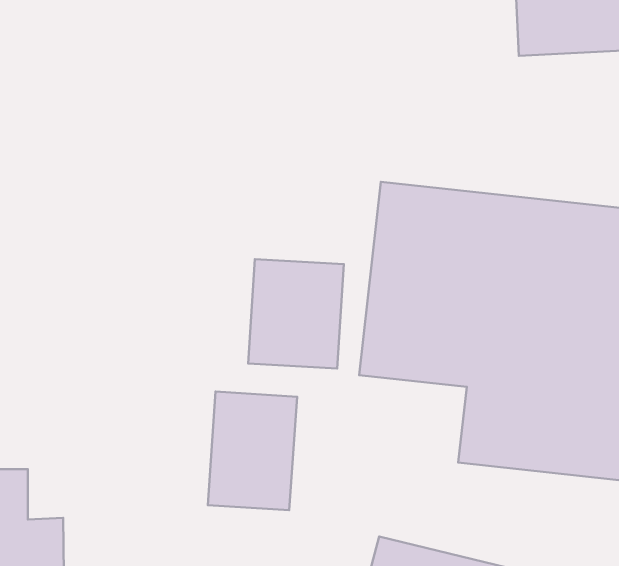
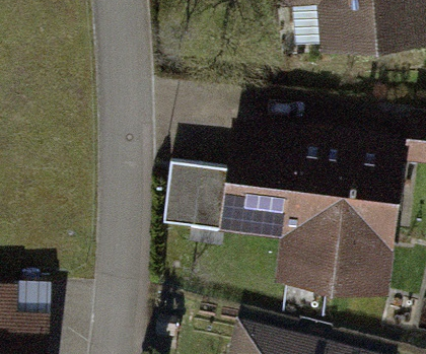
building: [208,392,297,510] -> none

